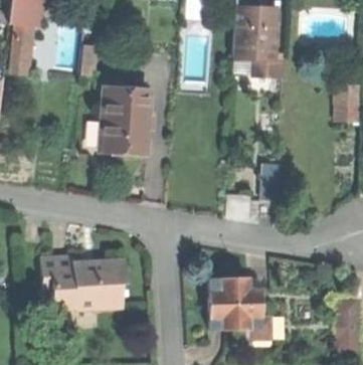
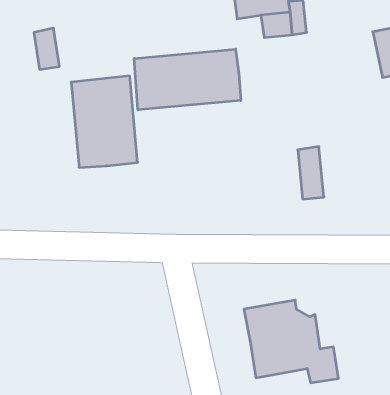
building: none -> [134,49,241,110]
building: [37,253,123,309] -> none

